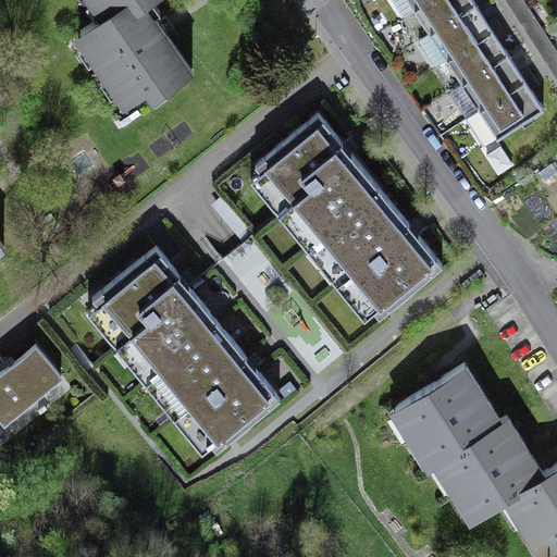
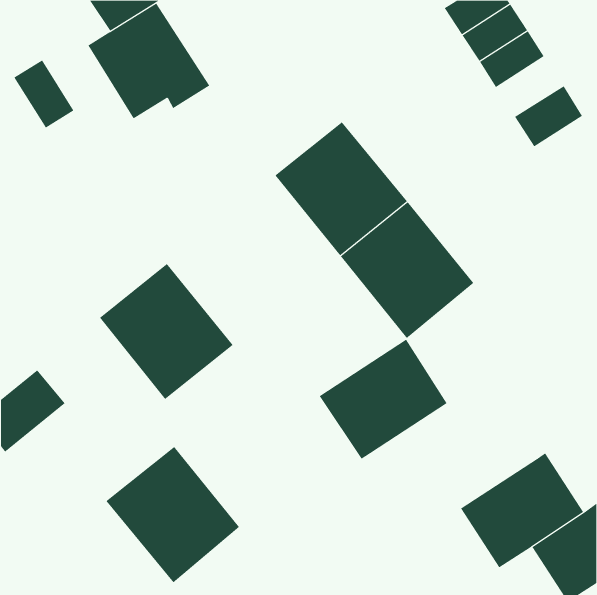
building: [461,54,525,111] -> none
building: none -> [14,60,74,128]
building: [153,323,278,450] -> [105,446,240,583]
building: [381,369,500,481] -> [319,339,447,459]

